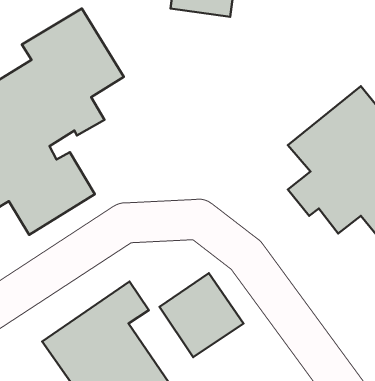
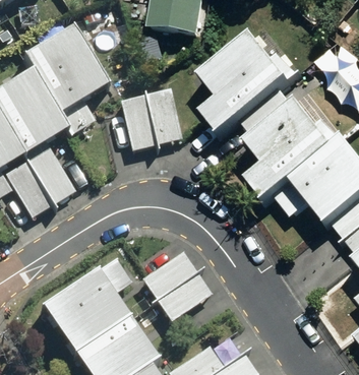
building: none -> [200,23,300,132]
building: none -> [117,87,179,148]

